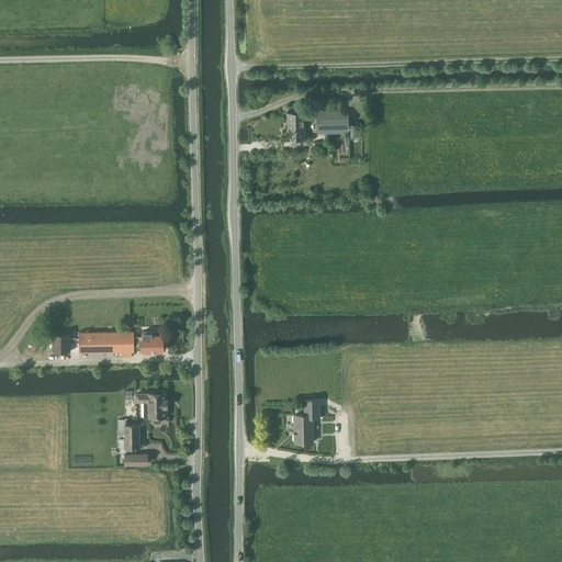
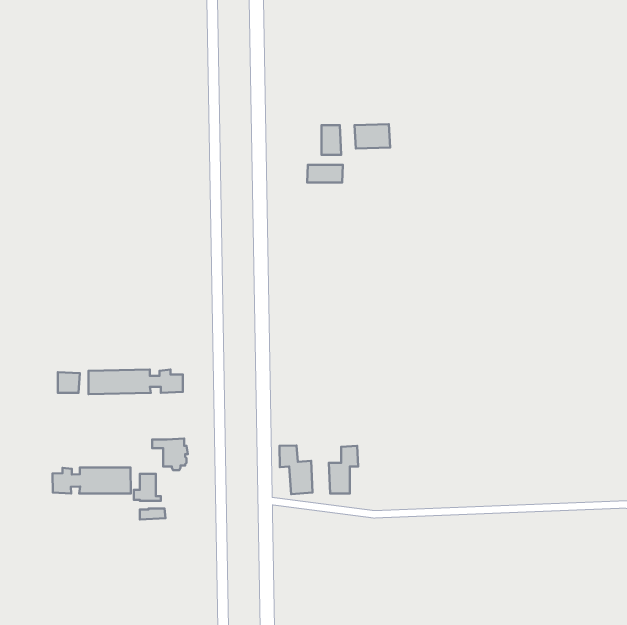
building: none -> [307,165,343,182]
building: none -> [279,446,312,494]
building: none -> [52,467,131,494]

